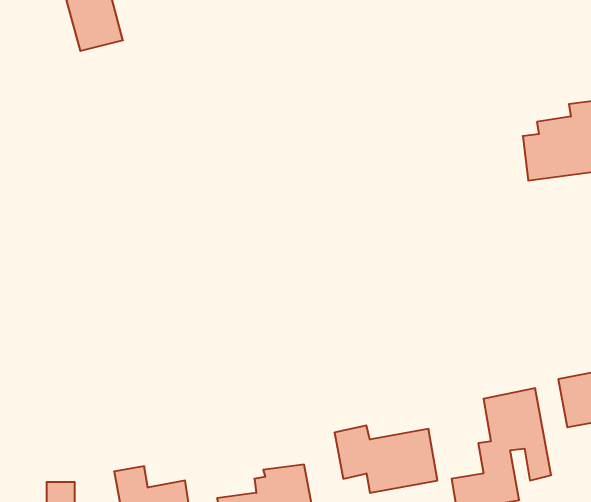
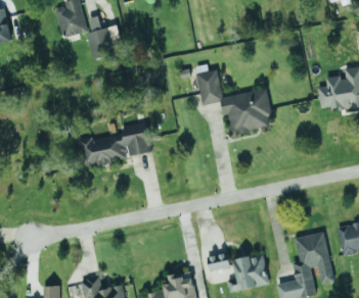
building: none -> [88,16,115,57]
building: none -> [196,69,271,134]
building: none -> [79,123,148,167]

